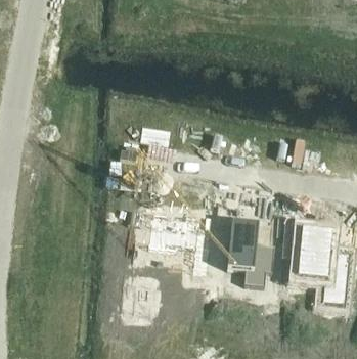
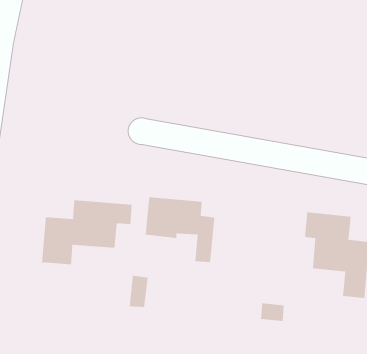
building: none -> [41,200,132,265]
building: [226,219,273,283] -> none

